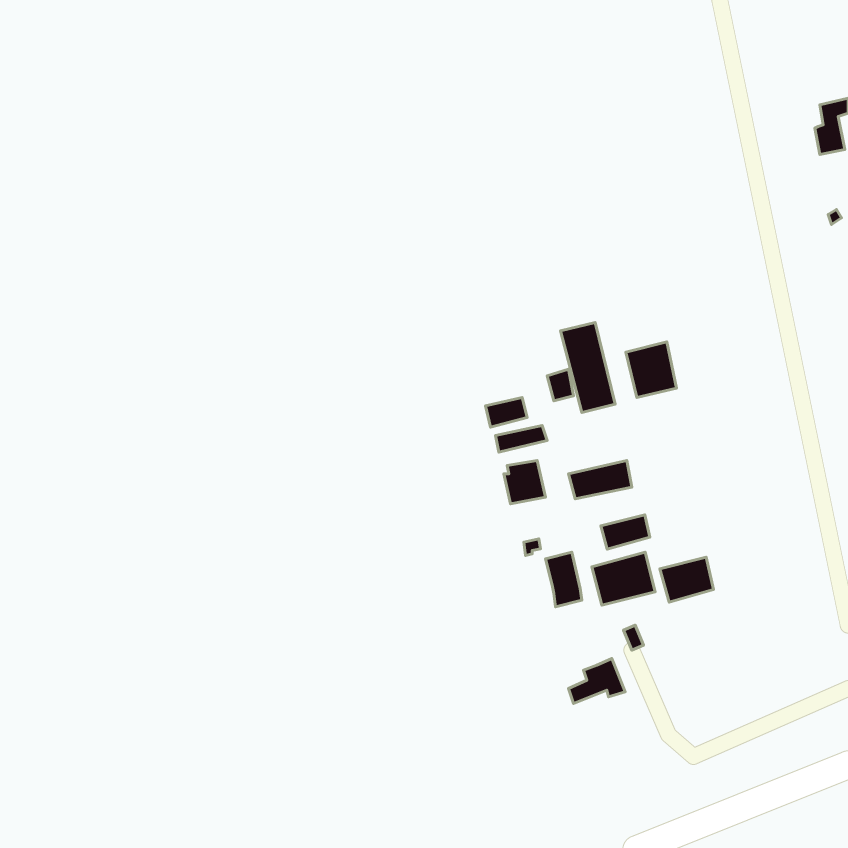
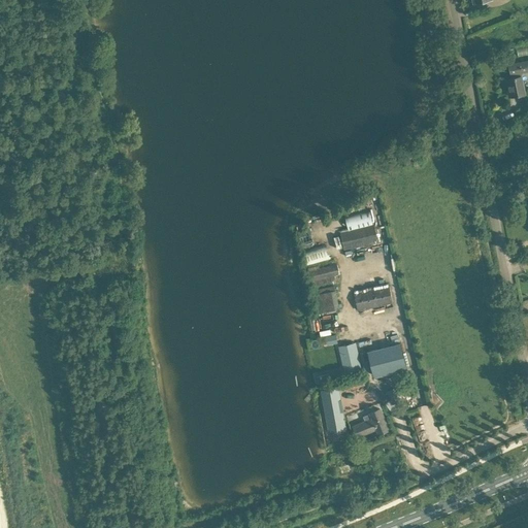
building: [626,342,677,398] -> none
building: [601,515,650,549] -> none
building: [660,557,714,602] -> none
building: none -> [320,388,344,432]

